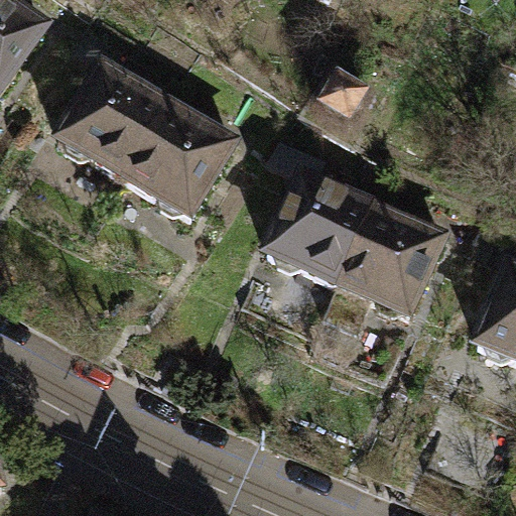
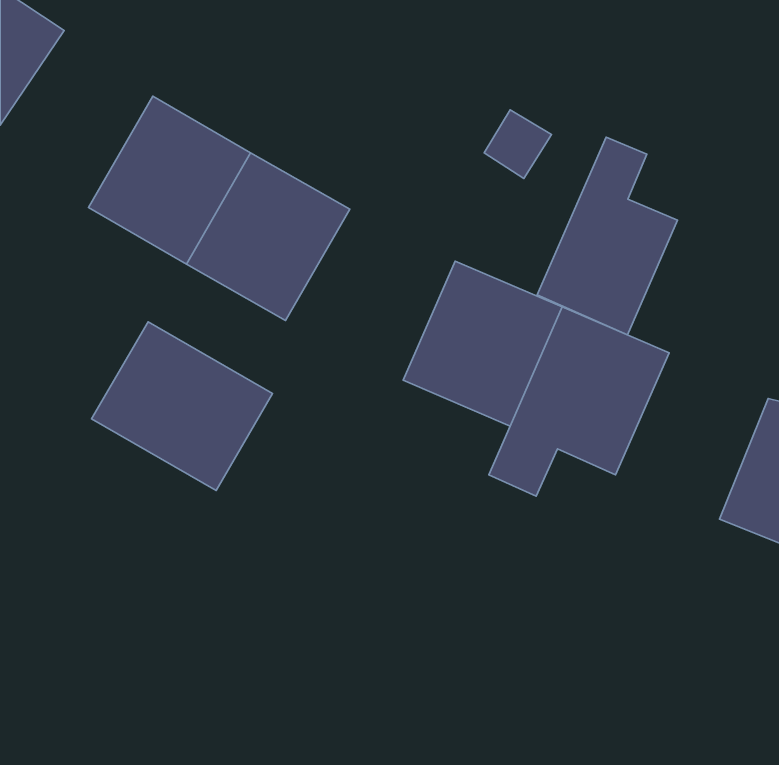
building: none -> [537,137,677,335]
building: none -> [91,322,273,490]

